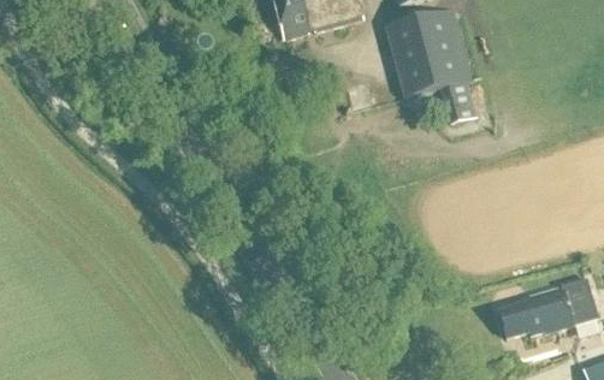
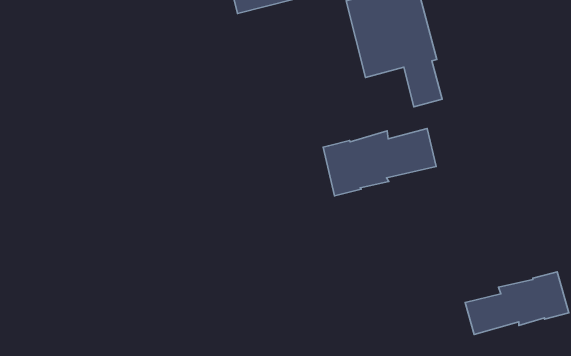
building: none -> [323,128,436,196]

